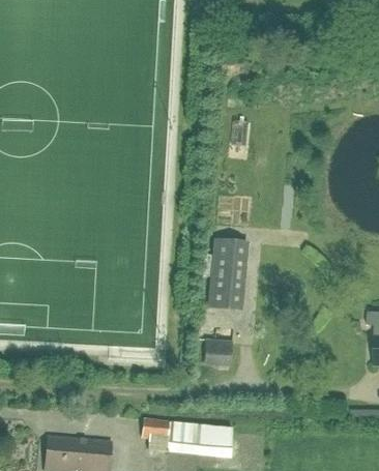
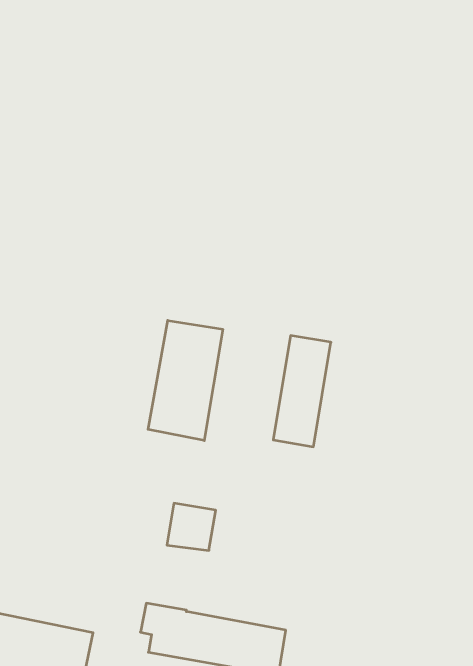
building: none -> [148,320,223,441]
building: [202,337,231,365] -> [167,503,216,550]

